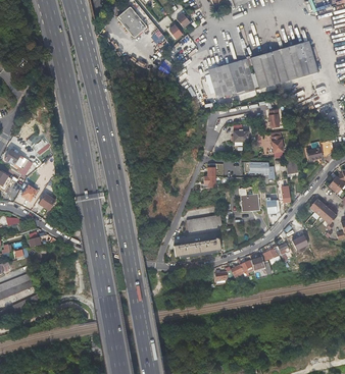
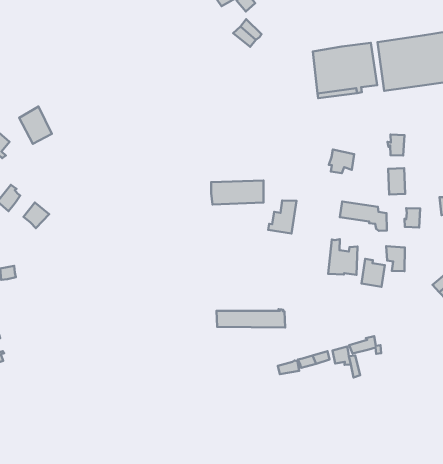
building: [186,214,221,234] -> [211,181,264,204]

